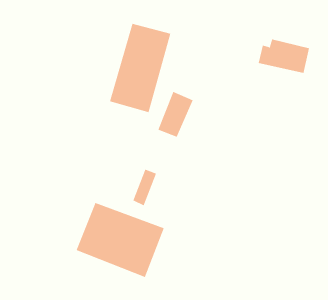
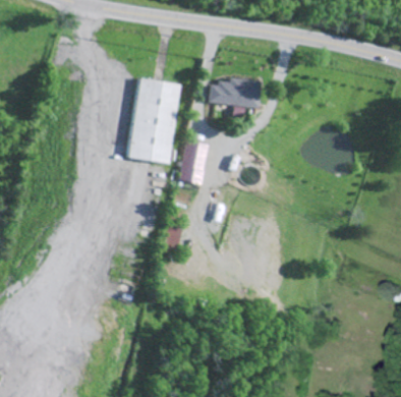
building: [258,39,310,73] -> [208,77,256,107]
building: [76,202,165,278] -> none

